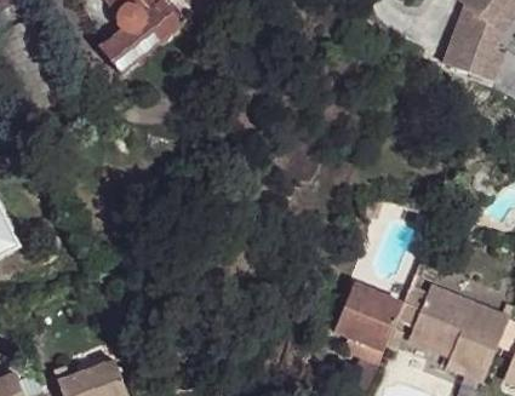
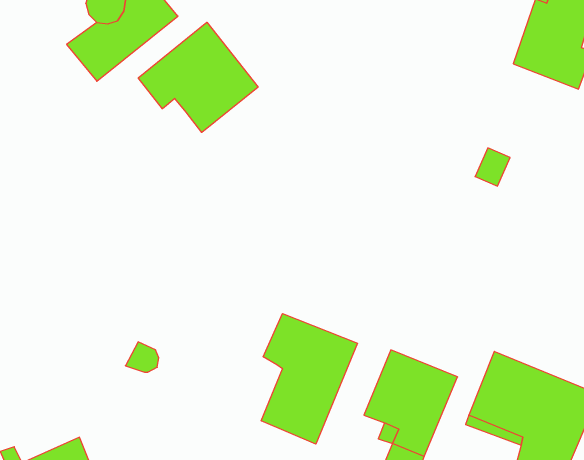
building: none -> [138,22,258,132]
building: none -> [261,314,358,444]

